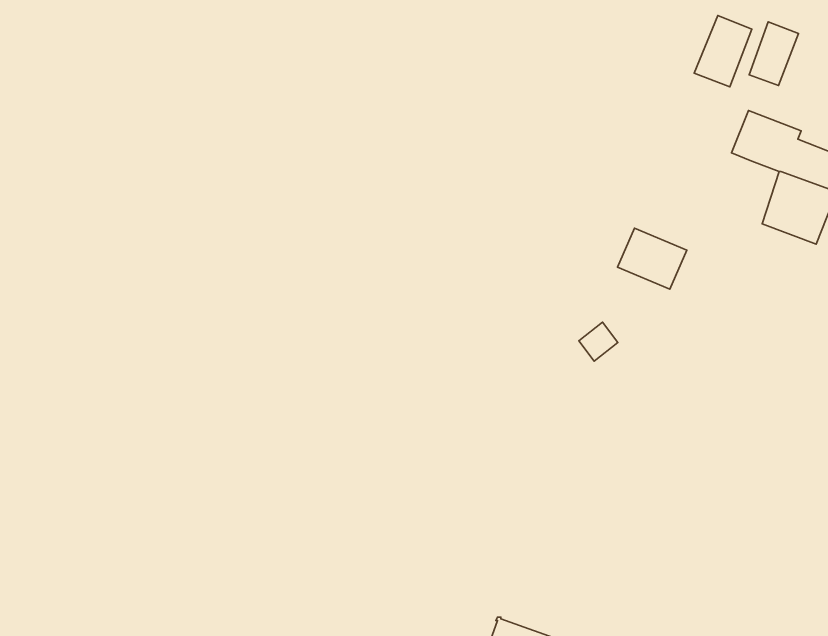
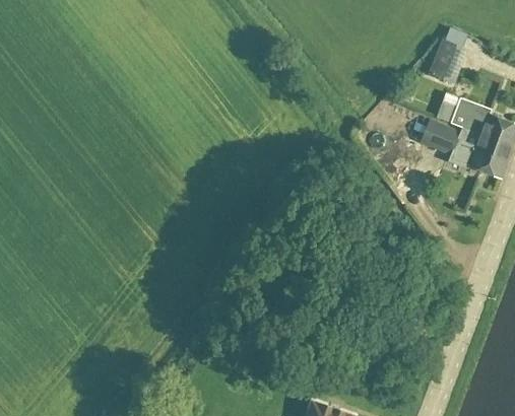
building: [749,22,798,85] -> none
building: [617,228,687,289] -> [420,120,461,156]

